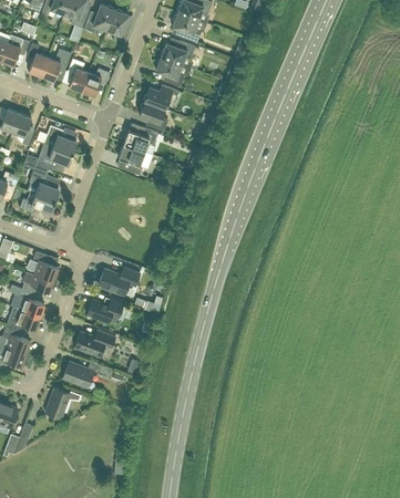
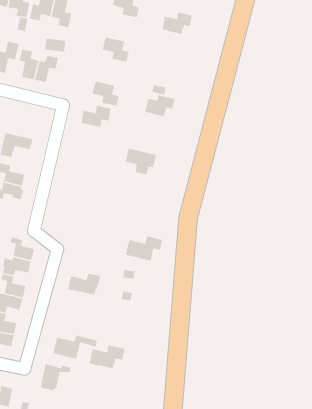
building: [161,40,195,64] -> [162,12,193,35]
building: [144,84,178,108] -> [144,94,176,117]
building: [43,125,76,153] -> none
building: [117,143,152,174] -> [125,148,157,175]
building: [98,267,140,294] -> [125,235,163,261]
building: [74,329,114,355] -> [89,344,125,369]

